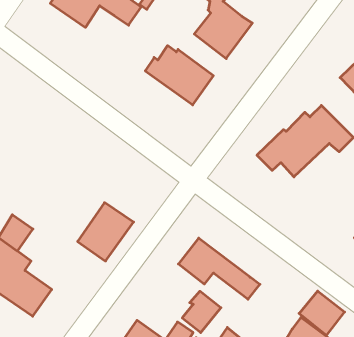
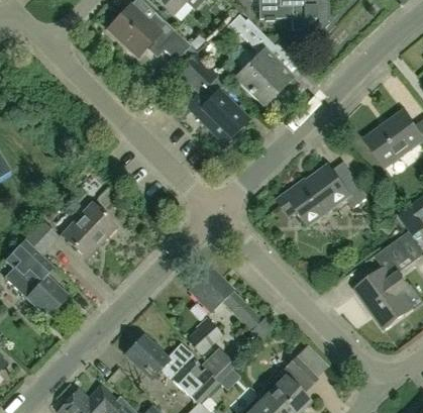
building: none -> [184,53,217,86]
building: [78,203,134,261] -> [62,203,116,257]

